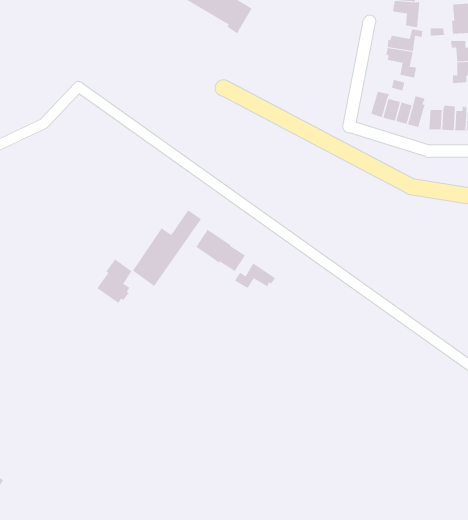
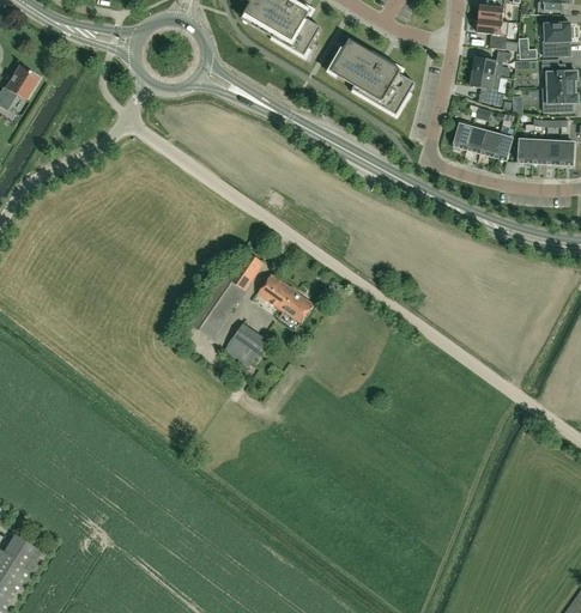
building: none -> [329,38,414,115]
building: [96,259,132,304] -> none
building: [234,262,276,289] -> none
building: none -> [223,323,266,368]

